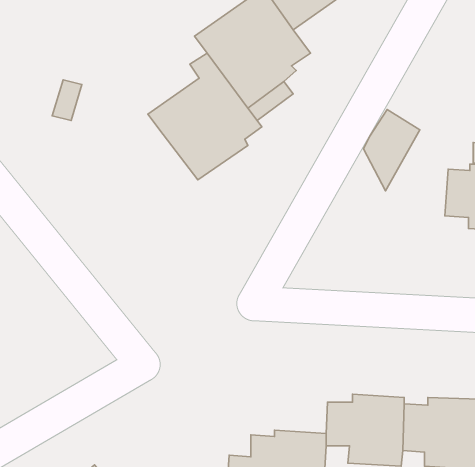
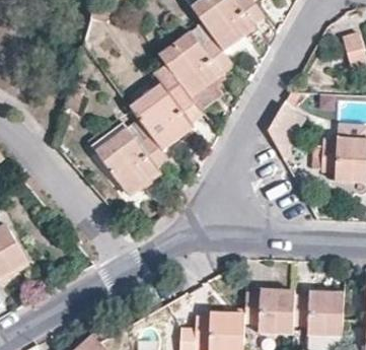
building: none -> [94,119,167,194]

